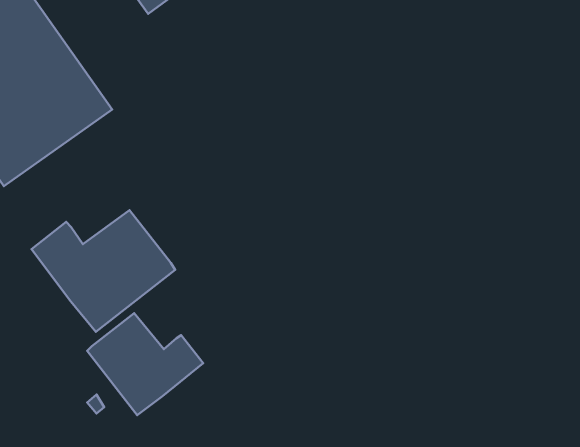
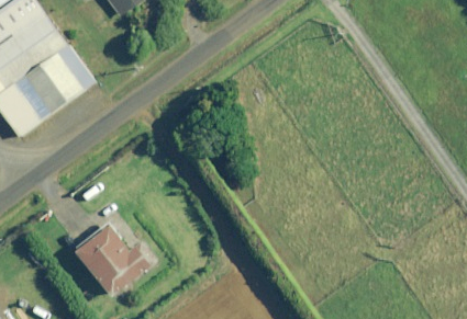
building: [31,210,175,332] -> none

